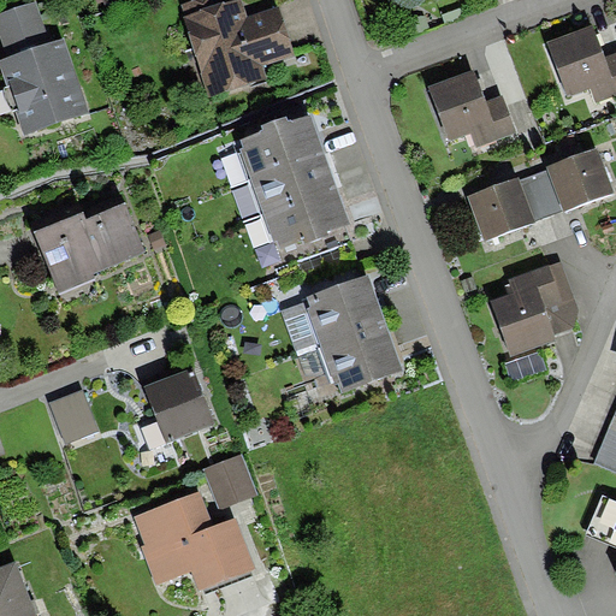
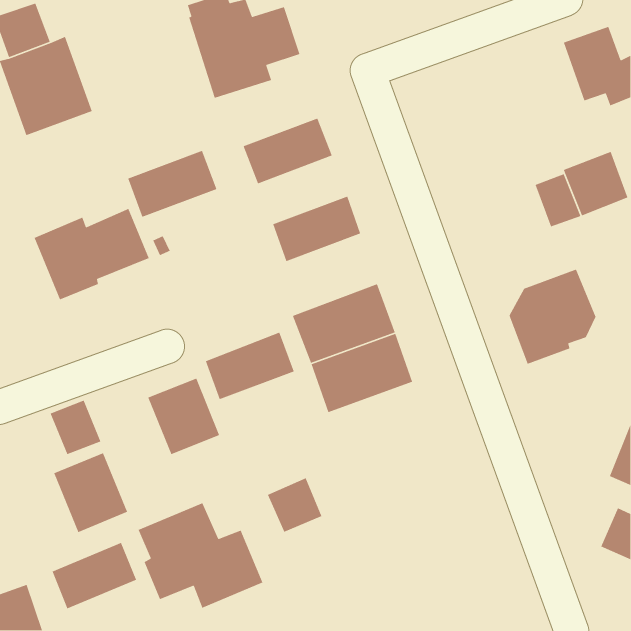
building: [426,69,517,149] -> none
building: [250,152,338,218] -> [127,150,217,218]
building: [464,176,535,242] -> none
building: none -> [205,332,295,400]
building: none -> [53,452,128,533]
building: [201,454,255,508] -> [267,477,322,533]
building: none -> [51,542,137,609]

